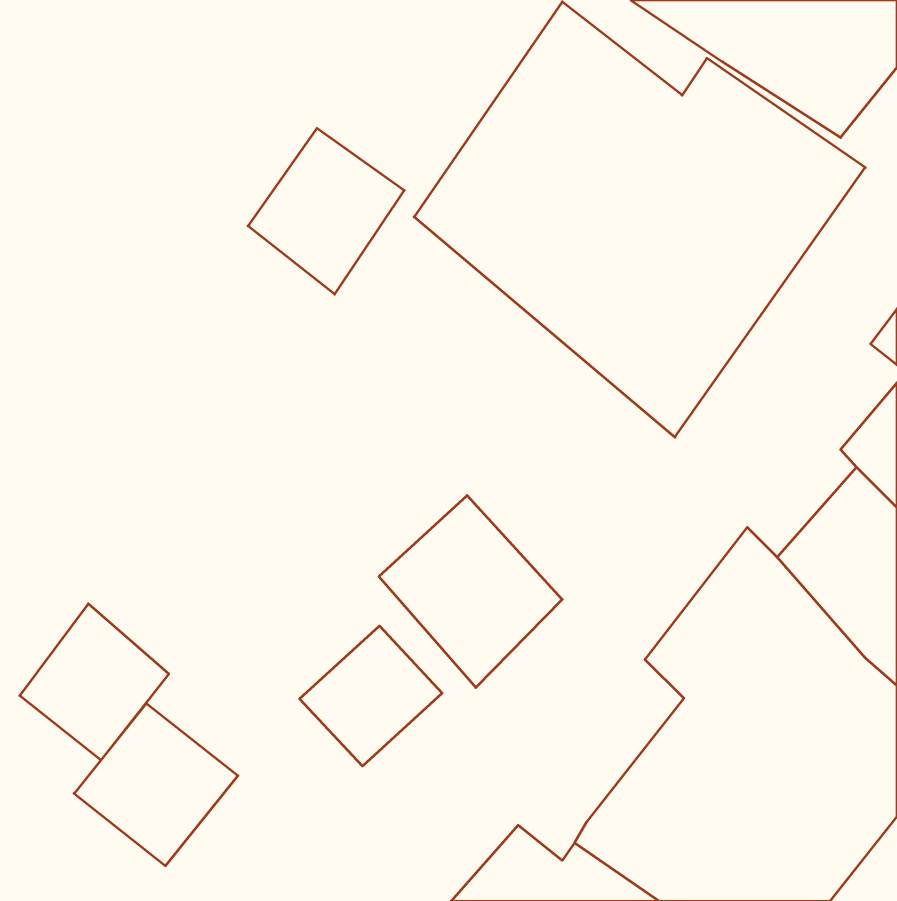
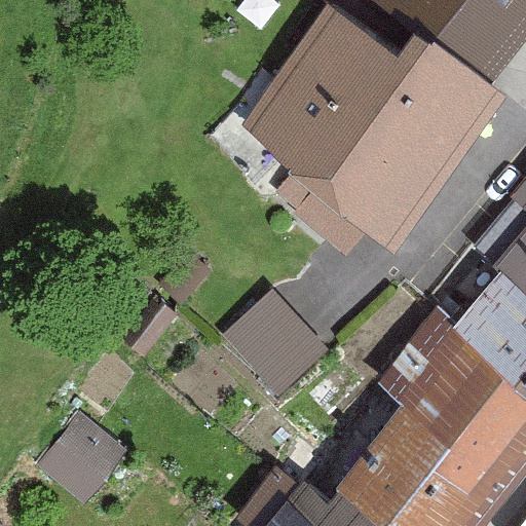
building: [248,128,404,294] -> none
building: [20,604,169,760] -> none
building: [300,626,442,766] -> none

